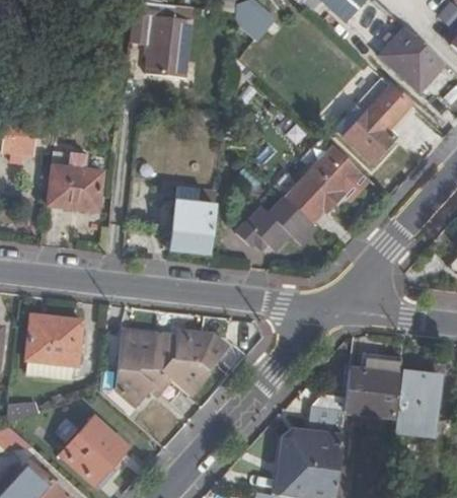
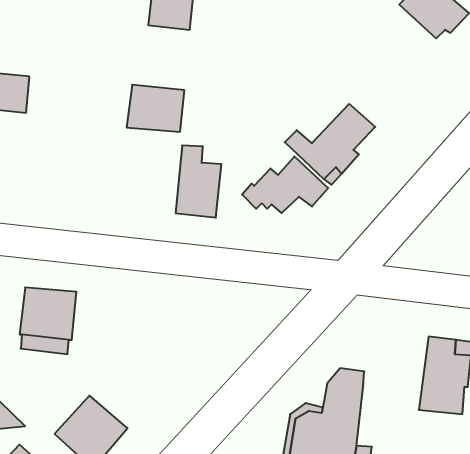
building: [338,80,411,164] -> none
building: [49,166,102,210] -> [127,85,184,132]
building: [98,330,227,414] -> none
building: [347,355,404,417] -> none

